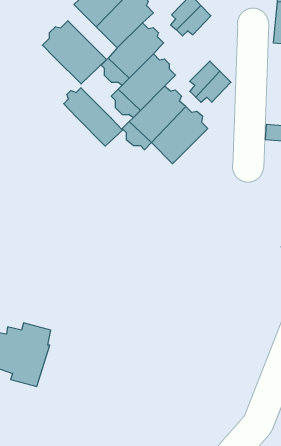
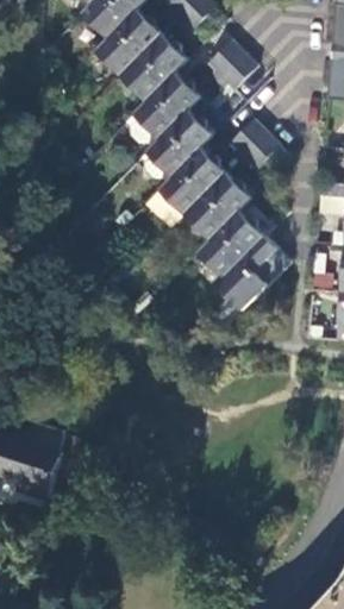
building: [42,21,107,84] -> none
building: [64,88,122,146] -> none
building: none -> [195,208,289,308]

